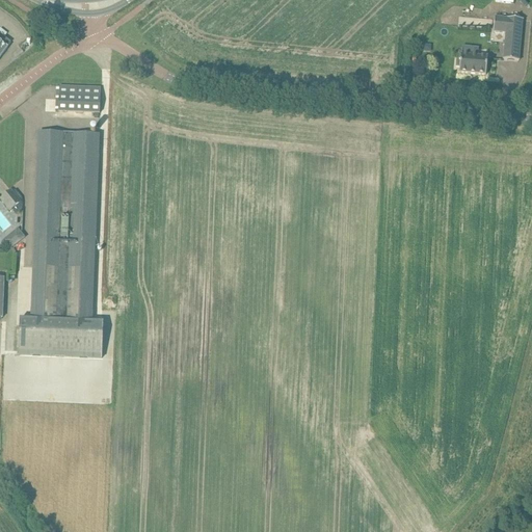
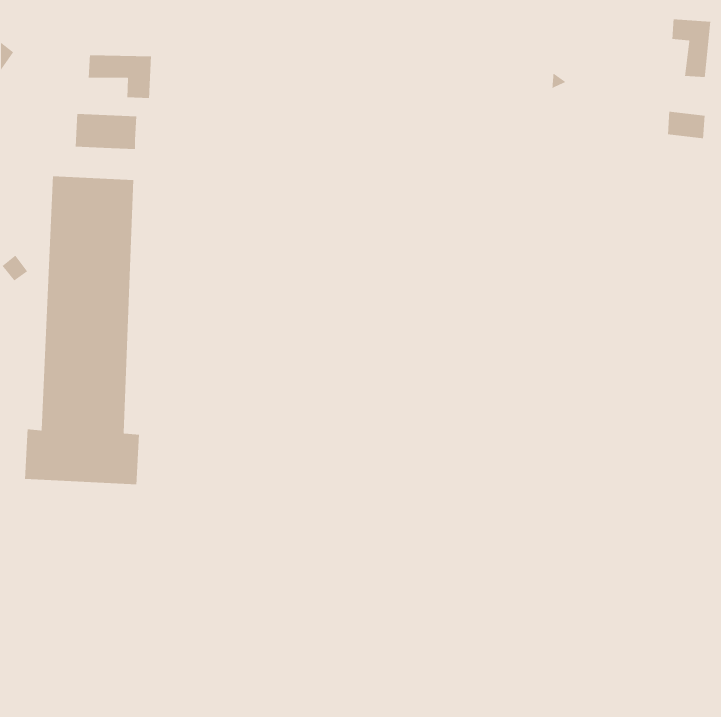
building: none -> [88,55,152,99]
building: [460,51,488,72] -> [667,111,705,139]

